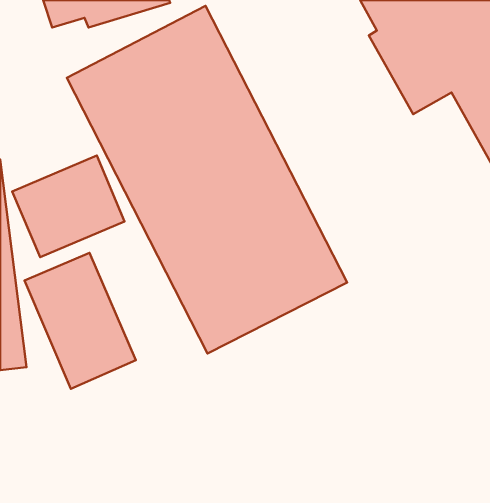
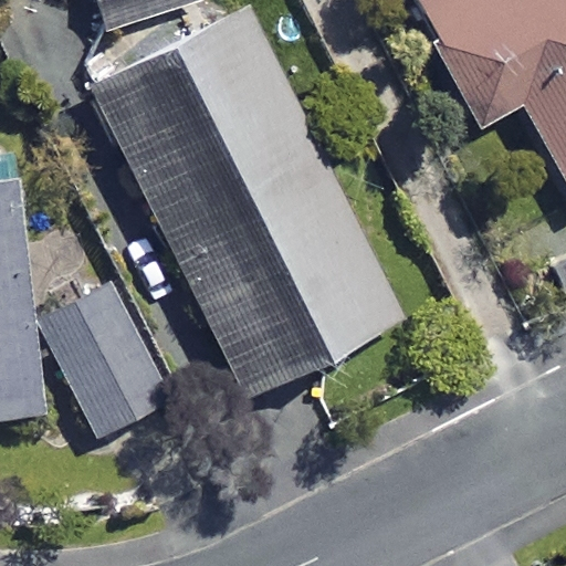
building: [12,155,125,257] -> none

